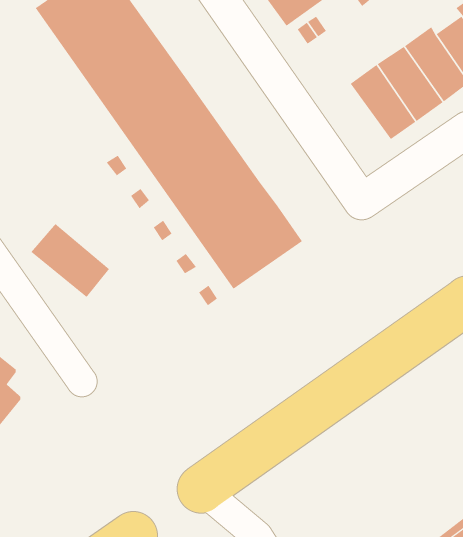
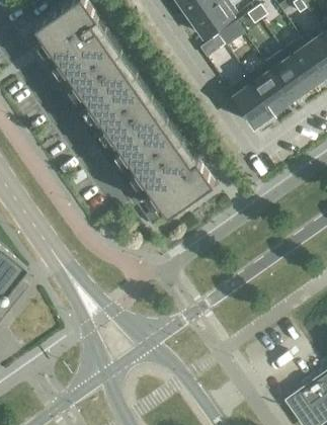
building: none -> [227,81,272,132]
building: [31,223,110,298] -> none

